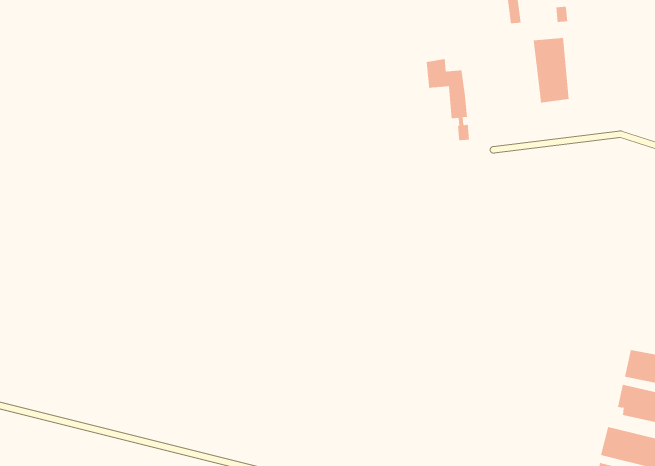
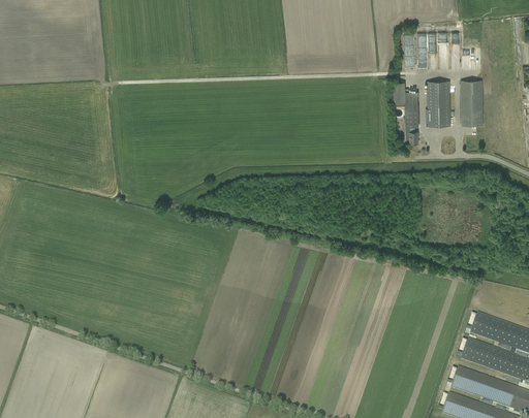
building: none -> [460,81,483,126]
building: [426,59,470,141] -> [391,83,417,143]

